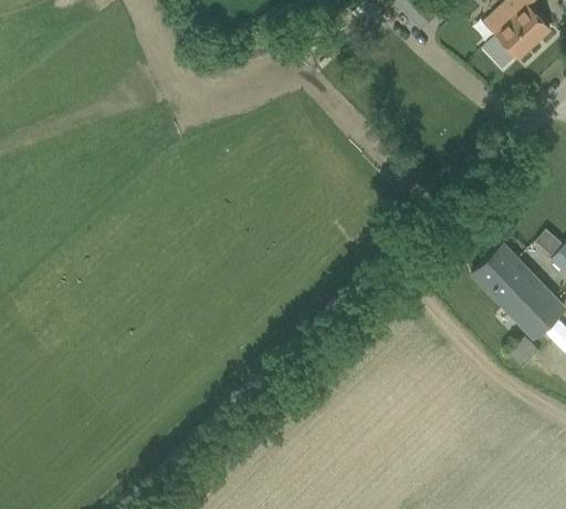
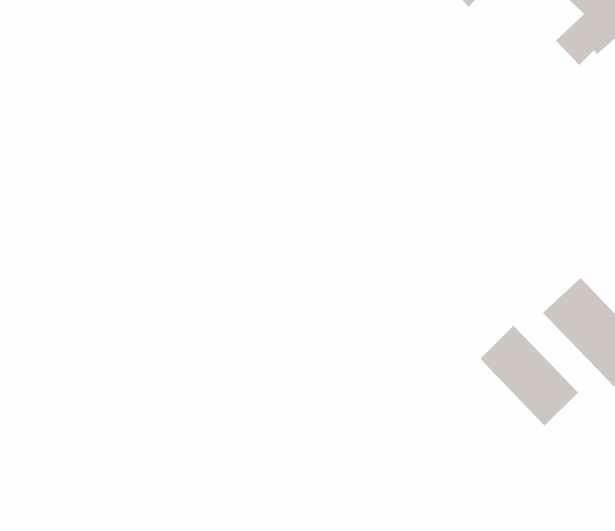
building: none -> [480,325,579,426]

